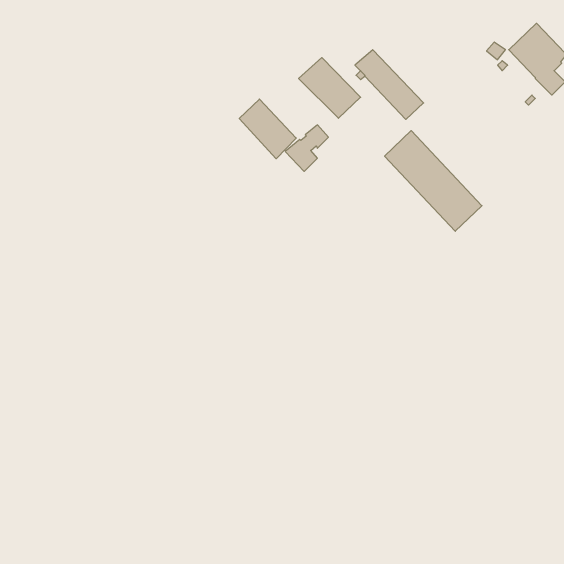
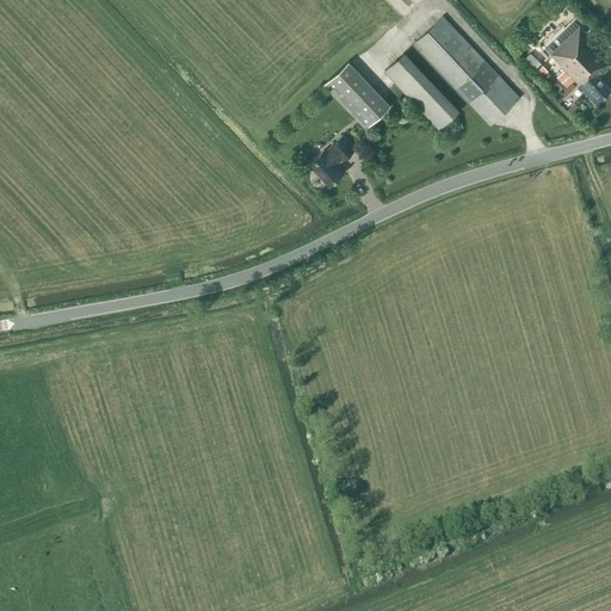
building: [239,99,296,159] -> none
building: [385,131,482,231] -> [414,17,519,125]

